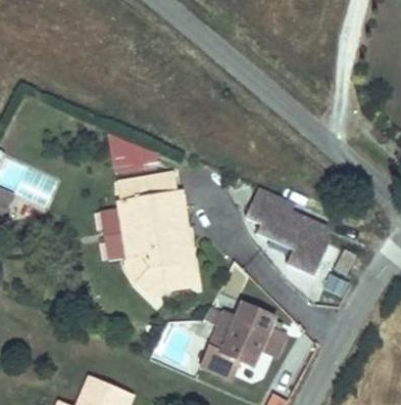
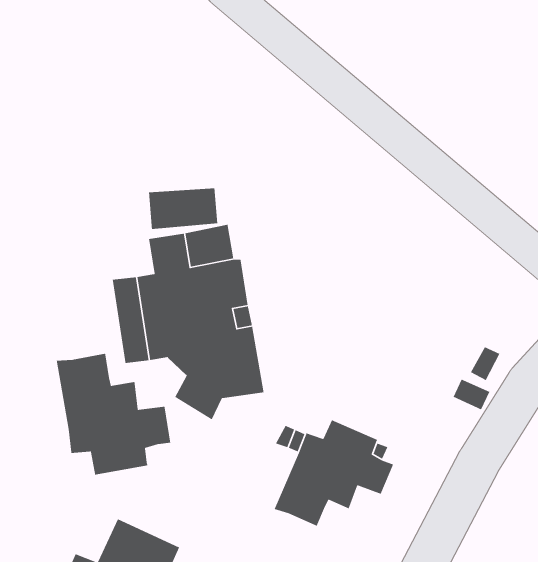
building: [244,183,328,274] -> none
building: none -> [56,353,171,475]

